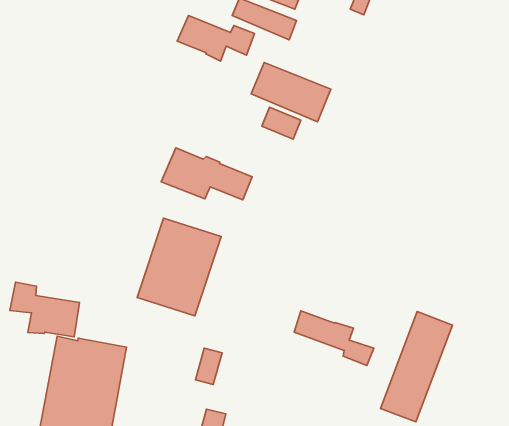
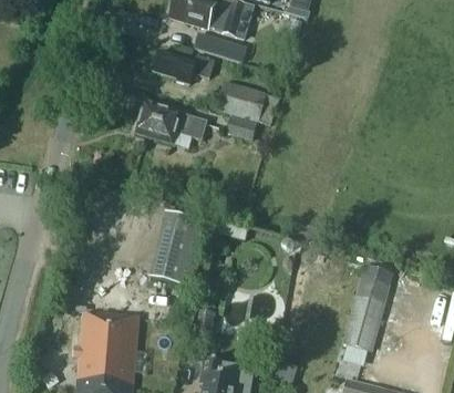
building: [161,148,252,200] -> [136,103,207,141]
building: [10,282,79,337] -> none
building: [294,311,374,365] -> none

